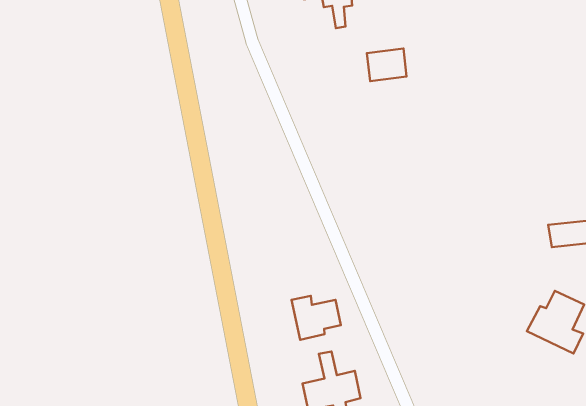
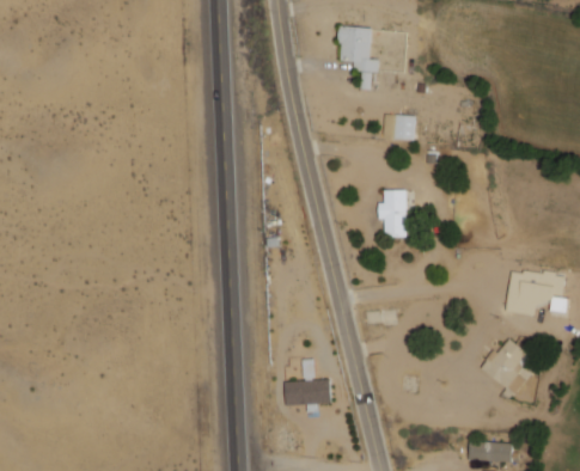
building: none -> [378,190,407,237]
building: [292,296,341,340] -> none

